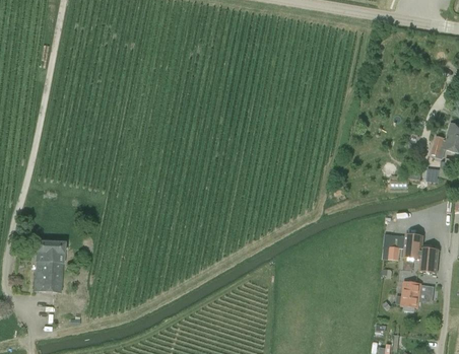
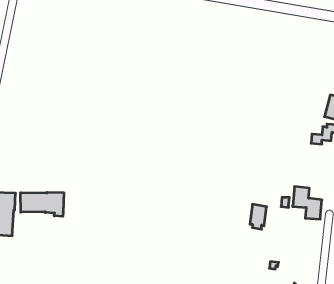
building: none -> [21,192,64,216]
building: [400,281,420,311] -> [250,204,267,229]

